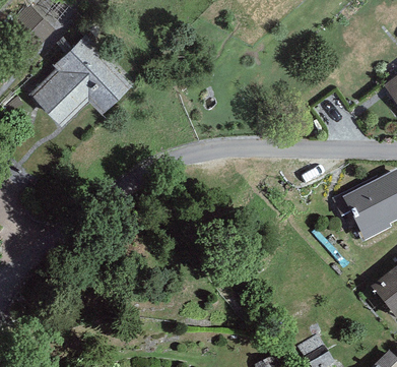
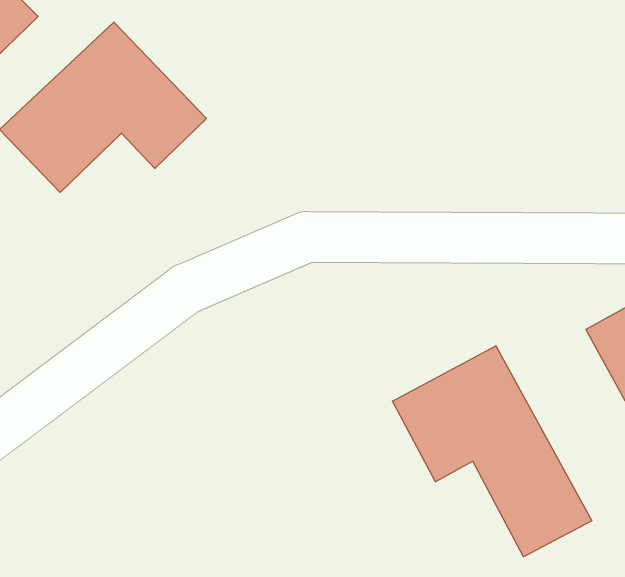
building: none -> [392,346,592,557]

